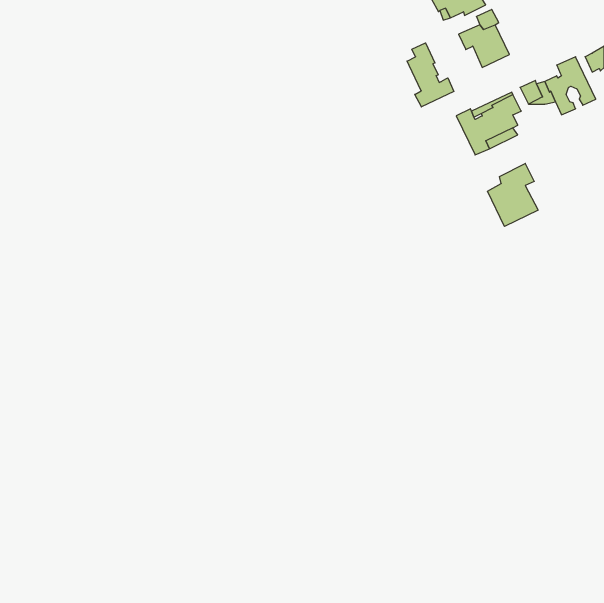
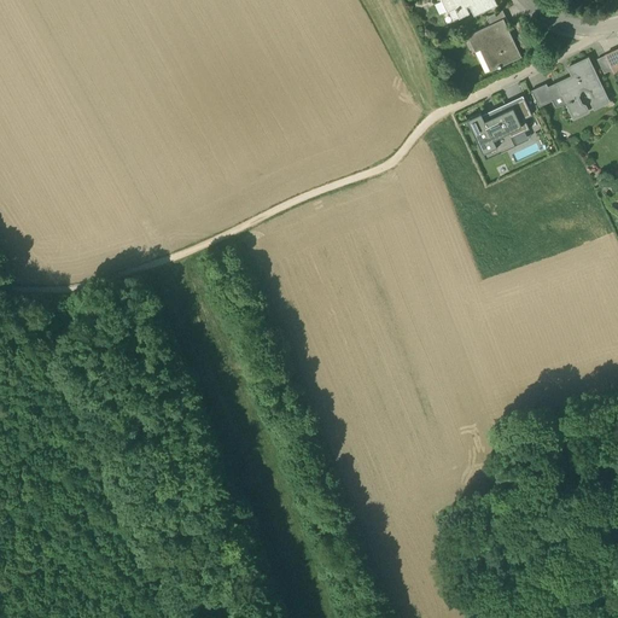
building: [407,43,454,107] -> none
building: [488,163,538,226] -> none

